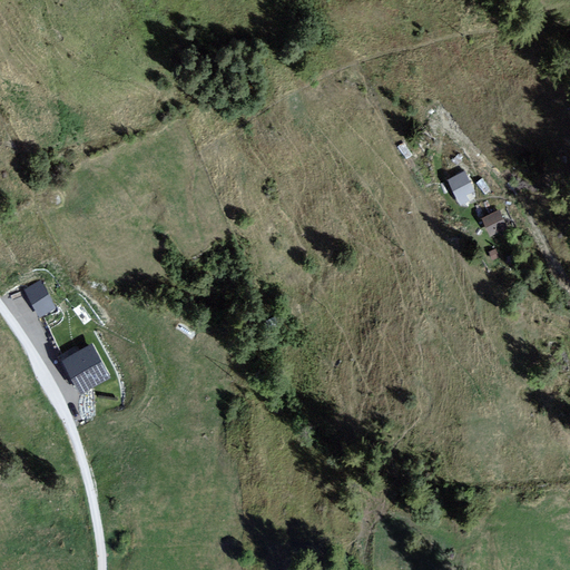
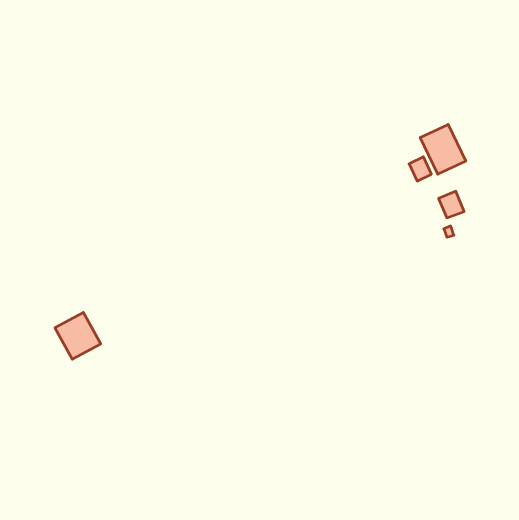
building: none -> [420,124,466,174]
building: [24,279,56,316] -> none

